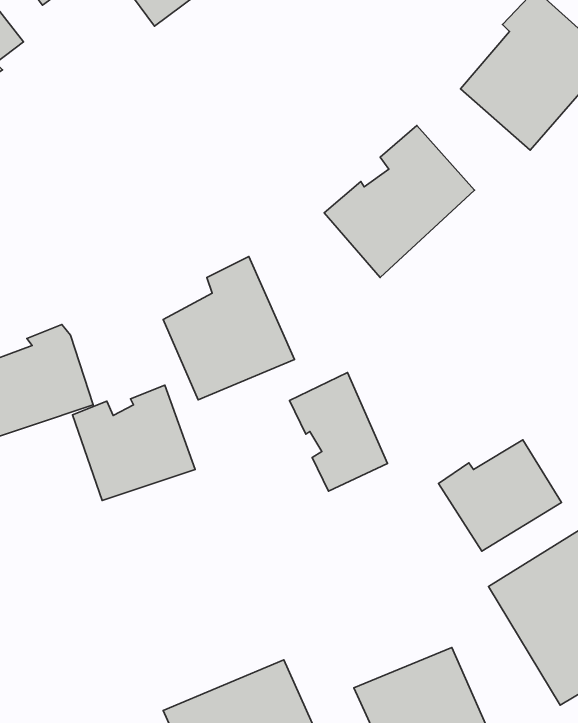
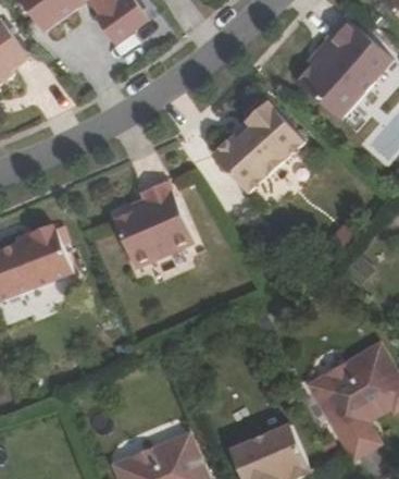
building: [289,373,388,491] -> none
building: [72,385,195,500] -> none
building: [438,440,561,551] -> none

